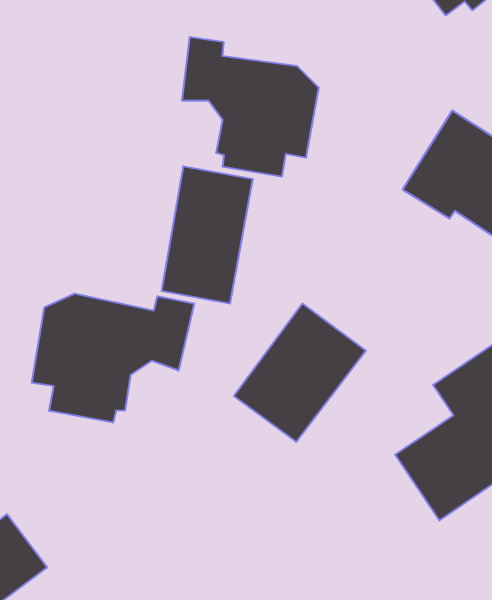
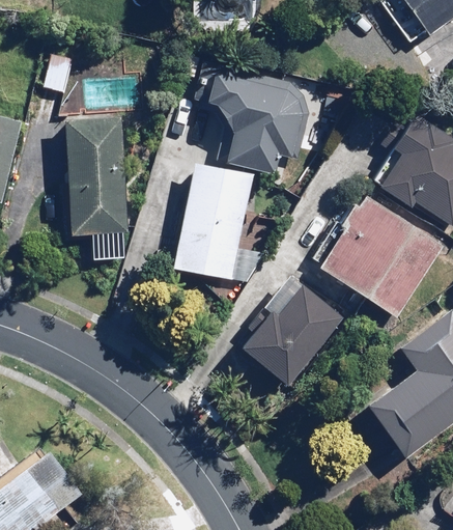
building: none -> [67,118,130,232]
building: none -> [310,197,442,314]
building: [32,293,194,423] -> none

